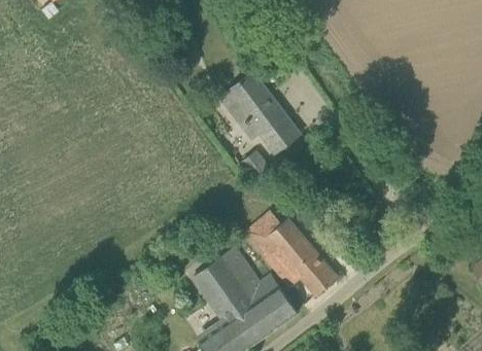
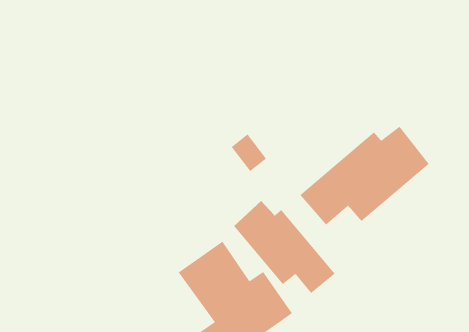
building: [227,72,300,153] -> none
building: none -> [300,126,430,226]

